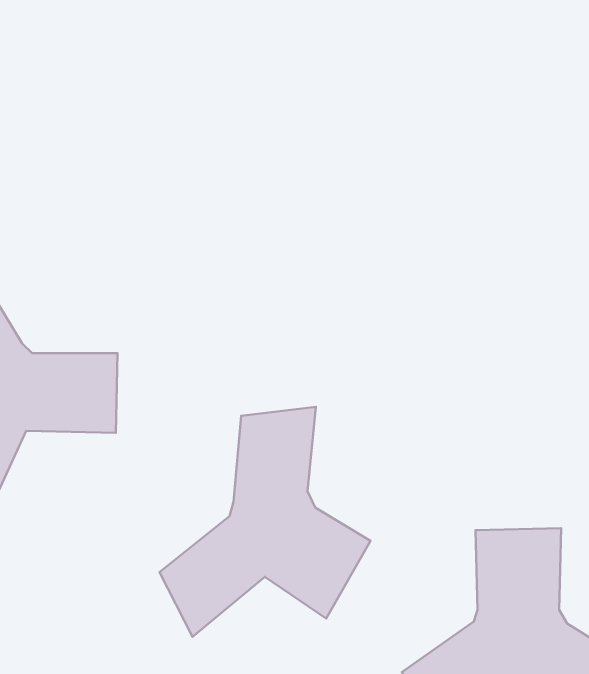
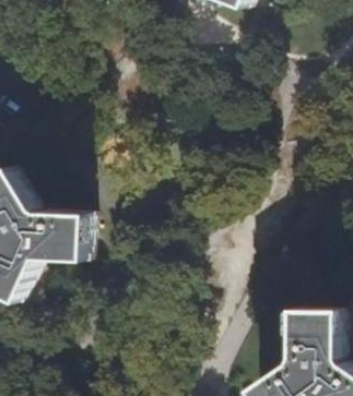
building: [160,407,370,637] -> none

